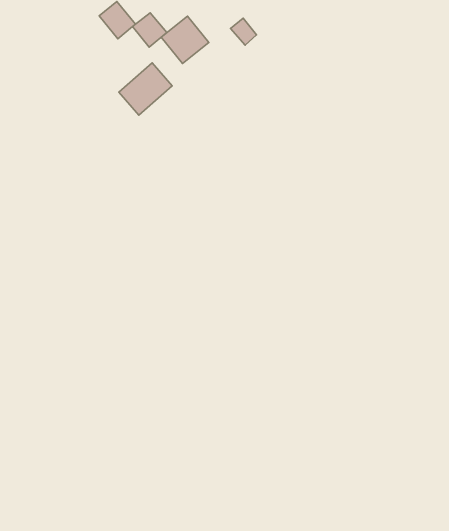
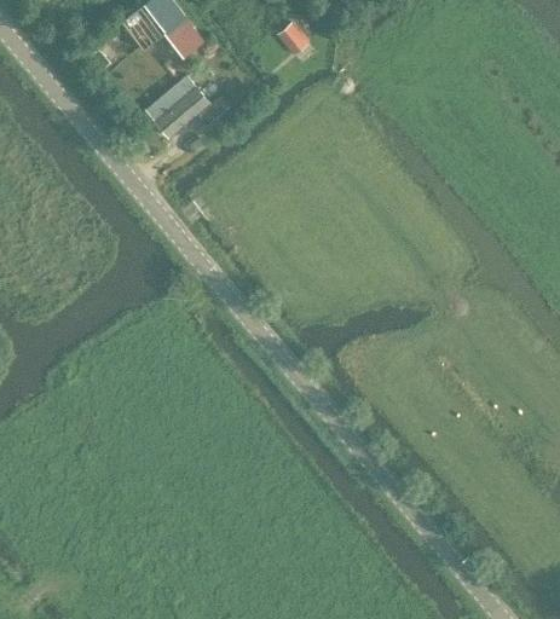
building: [161,16,209,64] -> none

